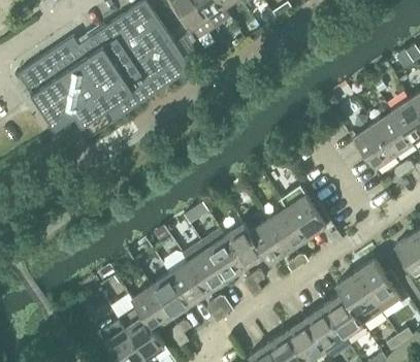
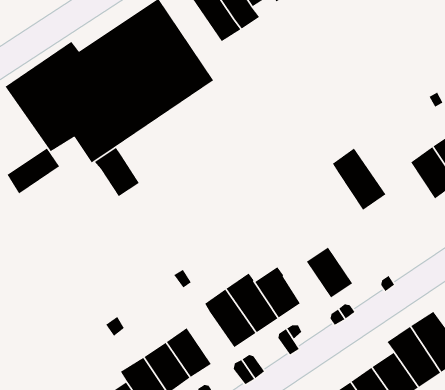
building: none -> [94,147,140,197]
building: none -> [7,148,60,195]
building: [281,186,326,238] -> [332,148,386,211]
building: [249,220,288,264] -> none
building: [168,262,207,305] -> none

